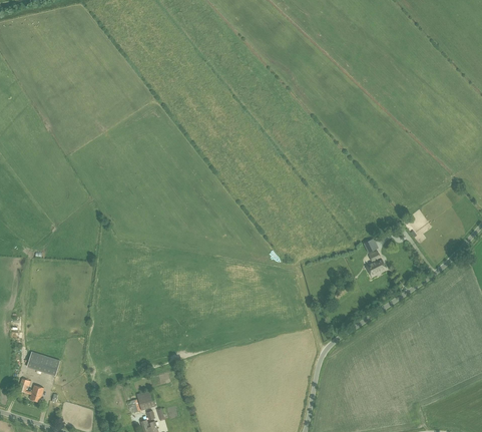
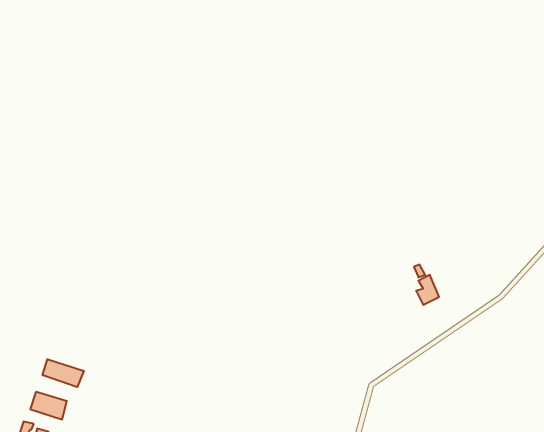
building: none -> [43,359,84,387]

